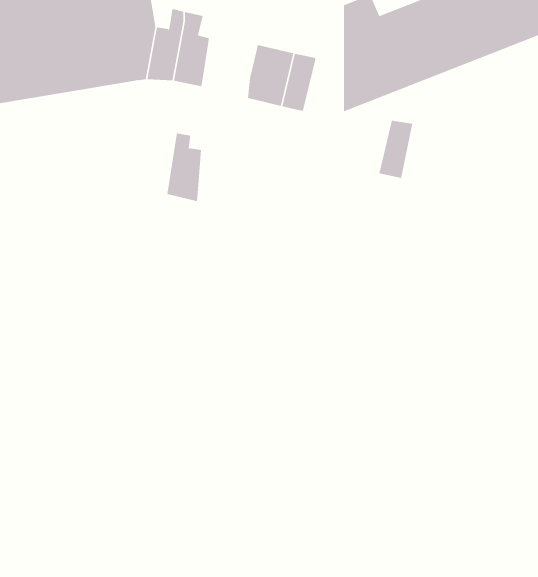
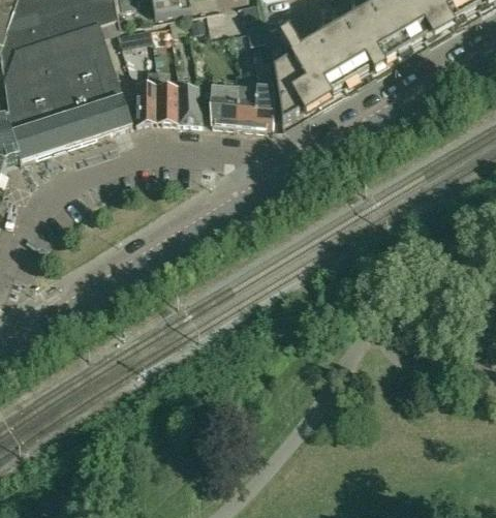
building: [378,120,413,179] -> [238,88,257,129]
building: [166,133,202,202] -> [161,77,185,124]

